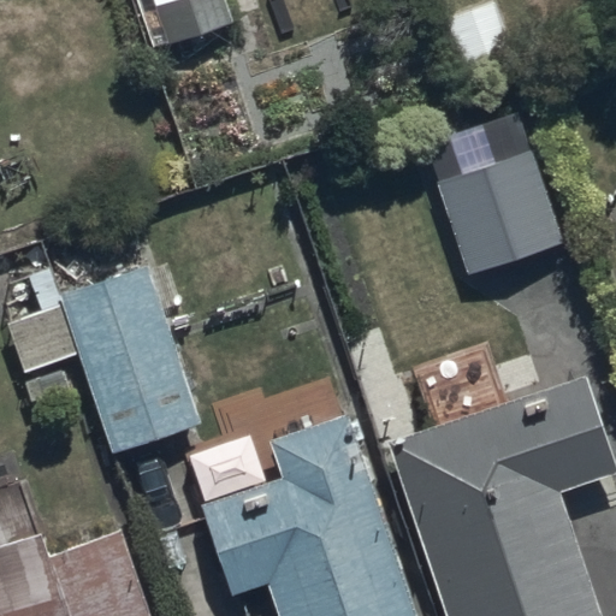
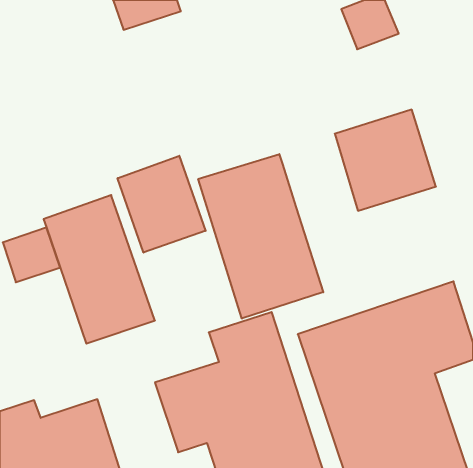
building: none -> [198,154,323,319]
building: none -> [118,156,206,253]

